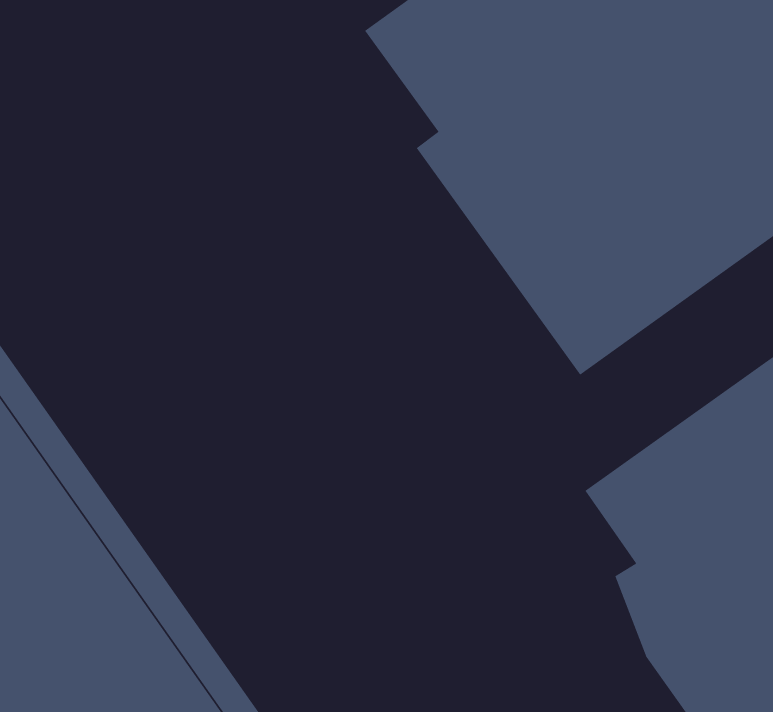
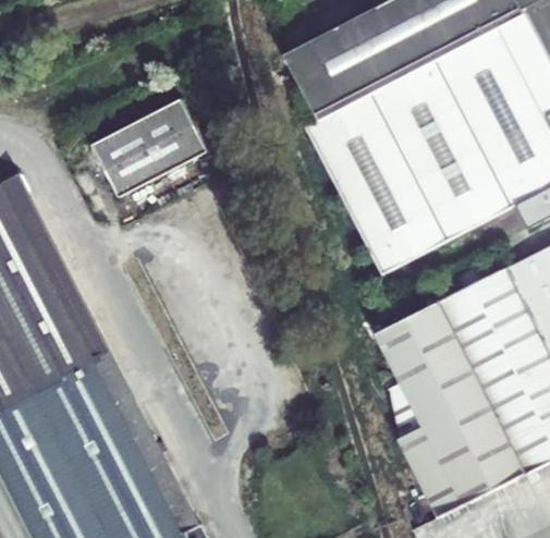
building: none -> [94,99,210,199]

